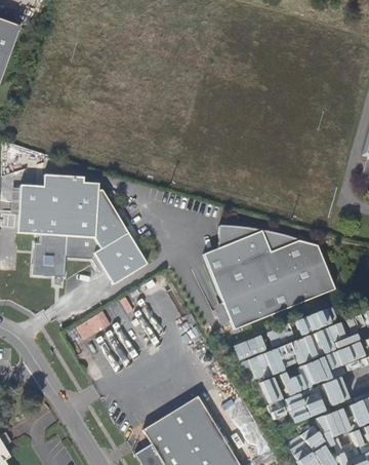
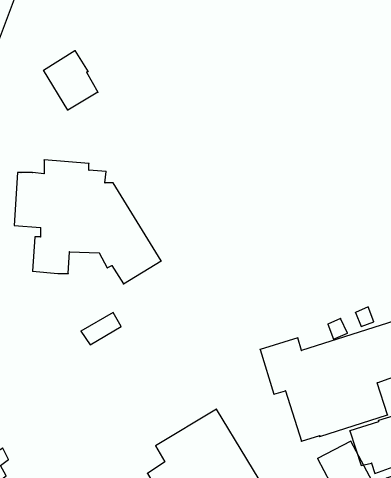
building: none -> [44,51,98,110]
building: [206,229,336,325] -> none

